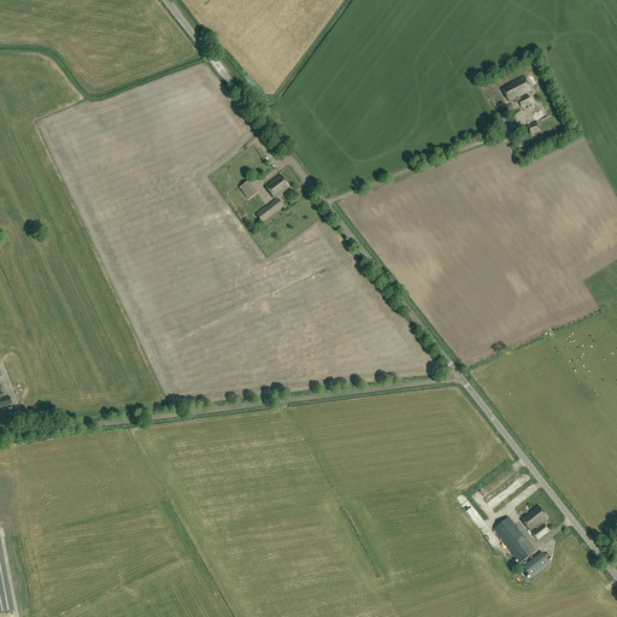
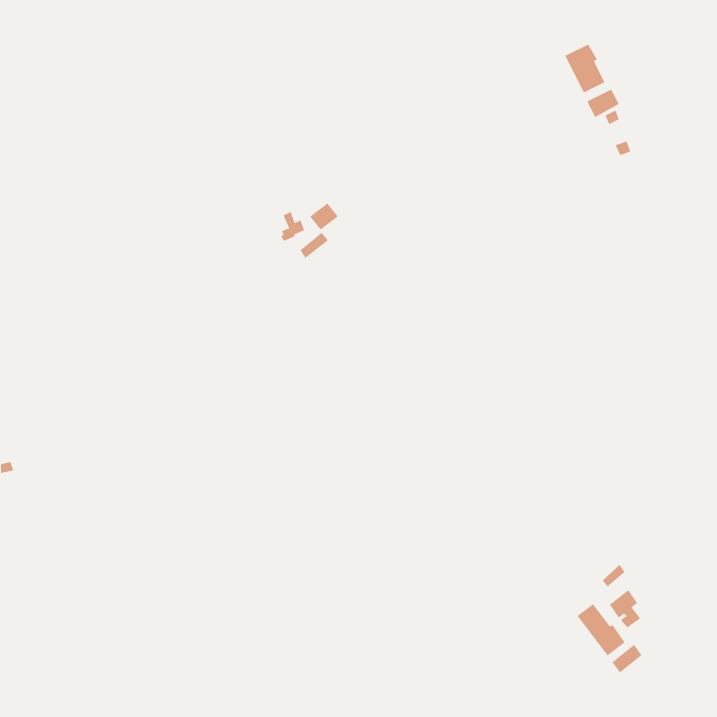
building: none -> [564,43,606,94]

